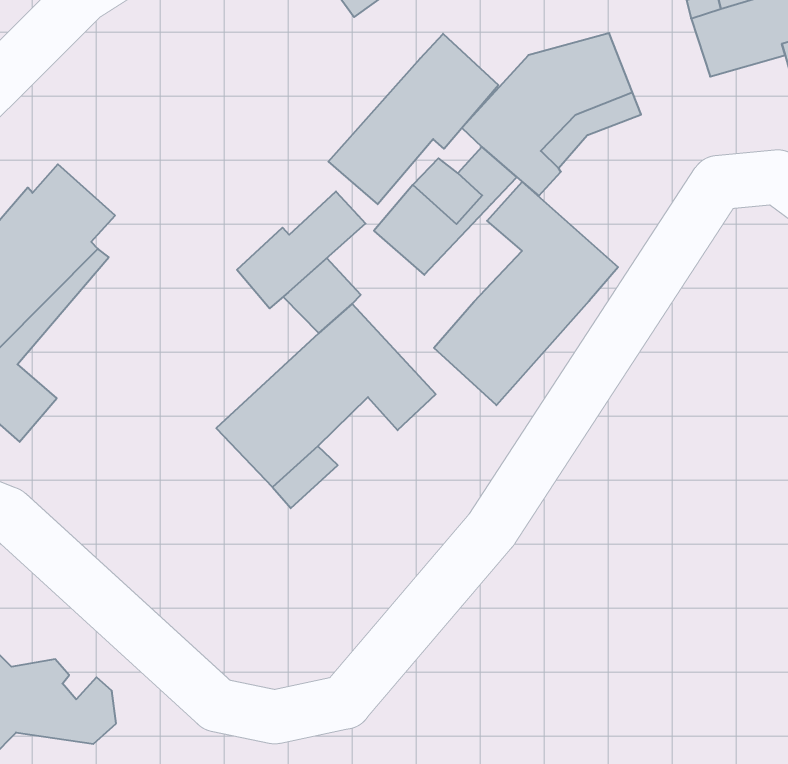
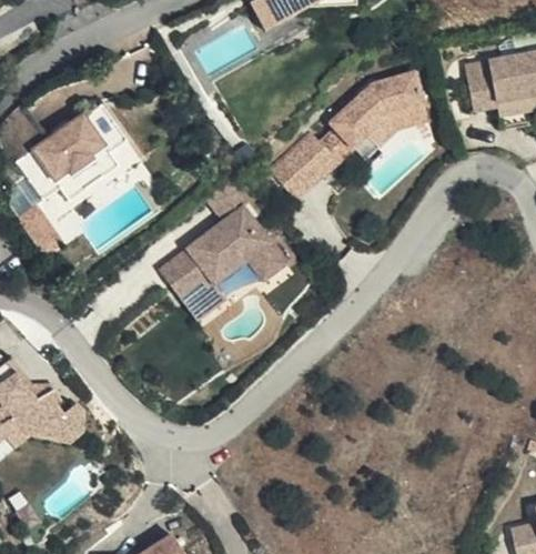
building: [328,34,498,204] -> none
building: [434,182,618,405] -> none
building: [237,191,366,308] -> none

